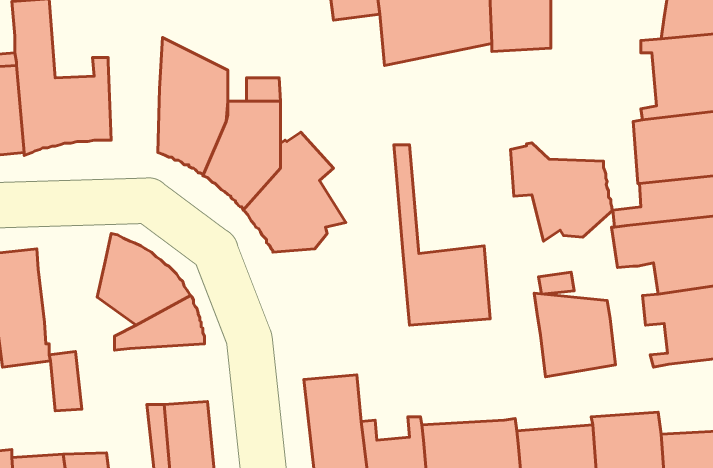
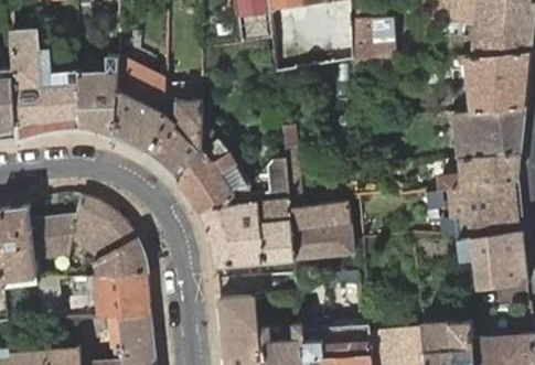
building: none -> [78,55,117,137]
building: [511,143,613,241] -> none
building: none -> [195,159,292,267]
building: none -> [29,214,76,279]
building: [534,293,615,377] -> none
building: none -> [94,272,149,316]

